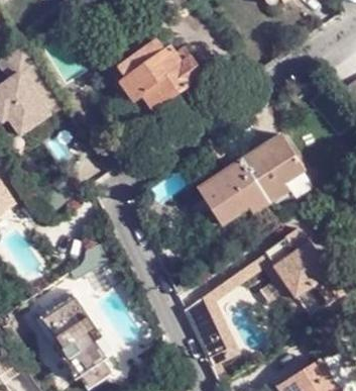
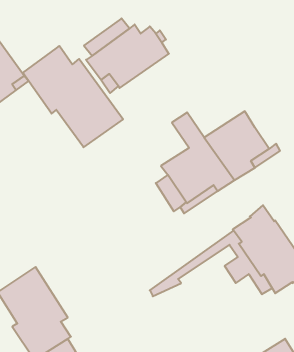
building: none -> [23,46,123,147]
building: [188,305,238,366] -> none

